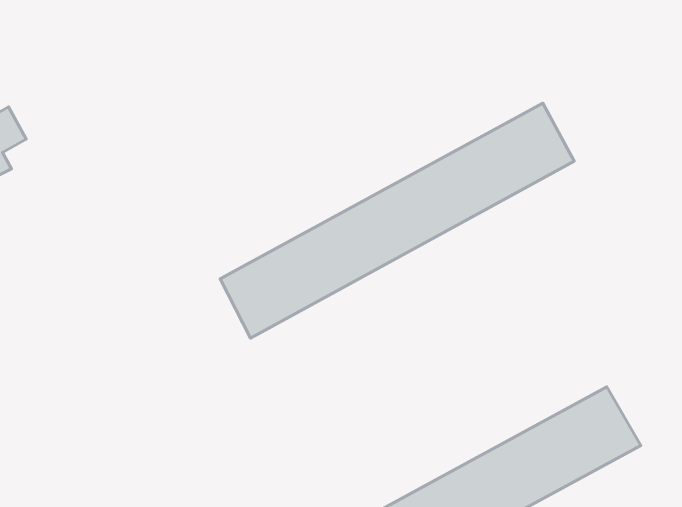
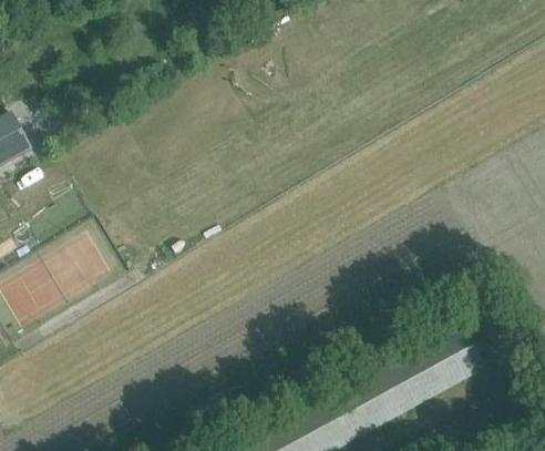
building: [220,103,574,338] -> none

